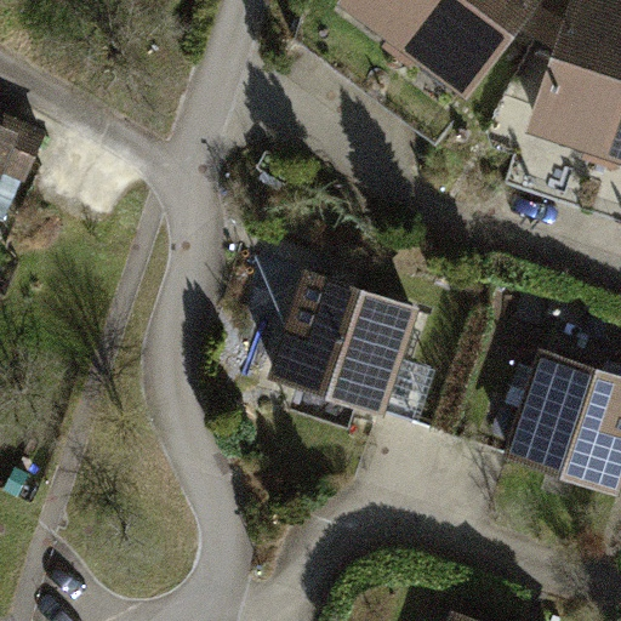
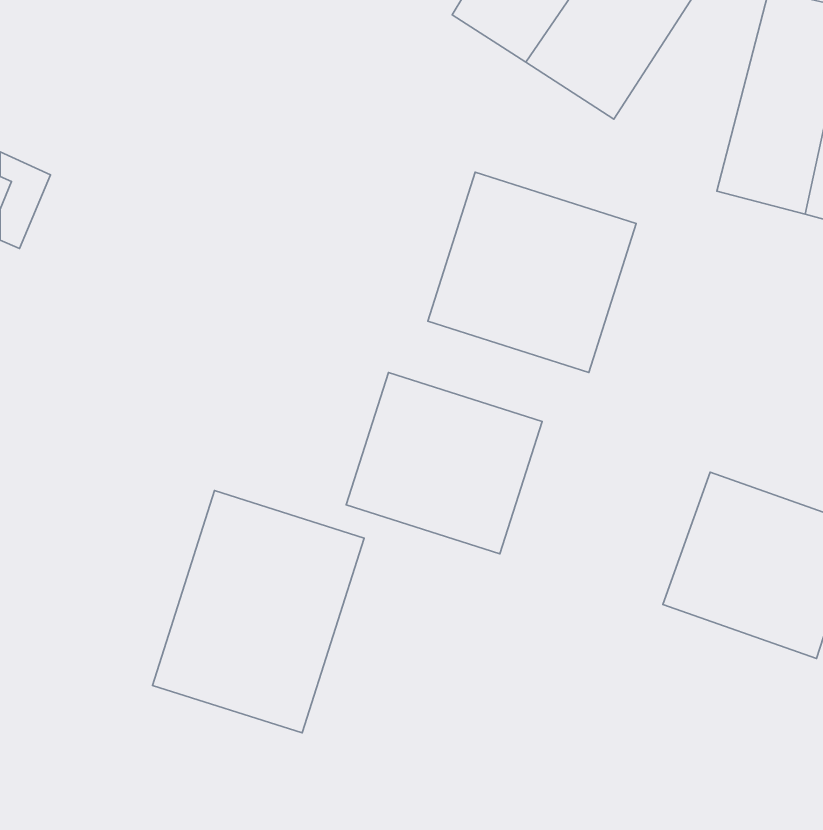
building: none -> [428,172,636,373]
building: none -> [152,491,364,733]

